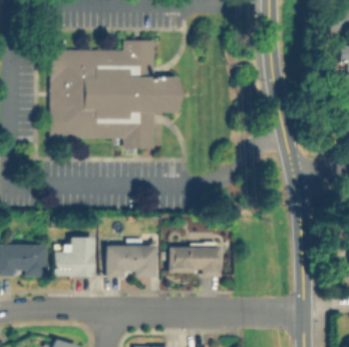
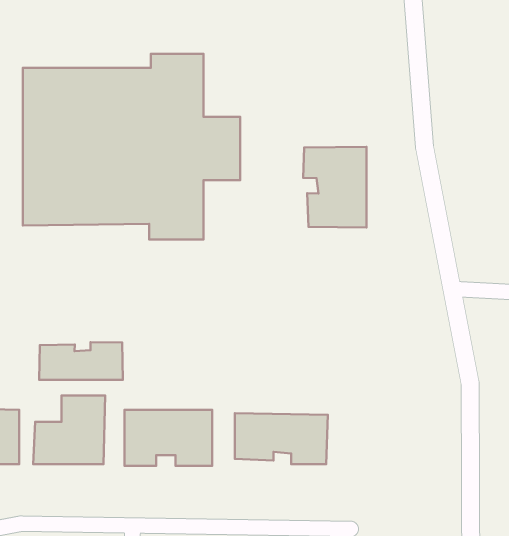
building: none -> [303,147,367,227]
building: none -> [39,342,123,380]

